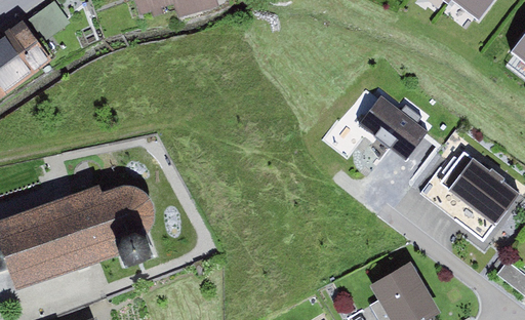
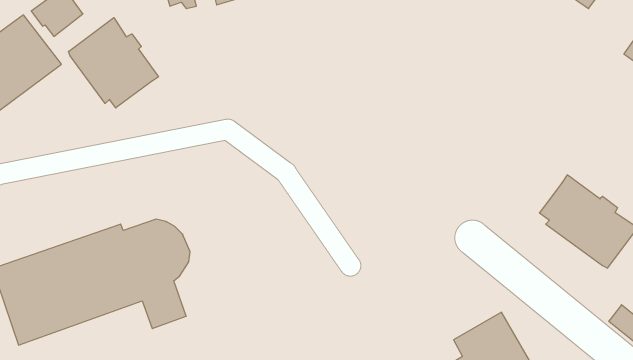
building: none -> [68,18,158,108]
building: [358,94,428,159] -> none
building: [419,153,491,237] -> none

